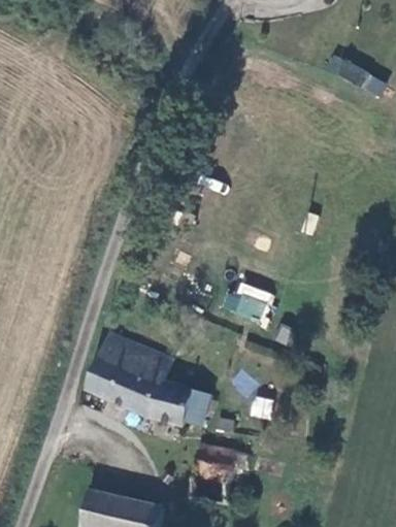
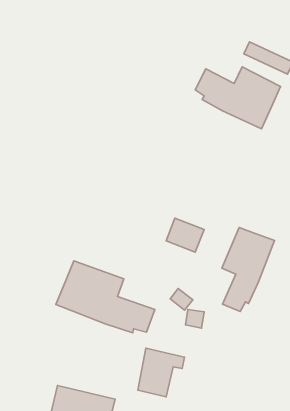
building: none -> [195,67,281,129]
building: none -> [222,227,274,312]

